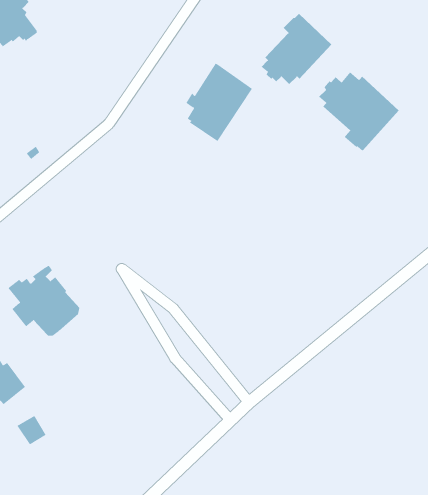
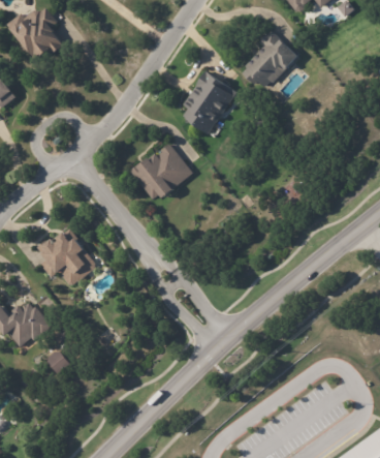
building: [318,72,399,151] -> none
building: none -> [131,144,193,200]

